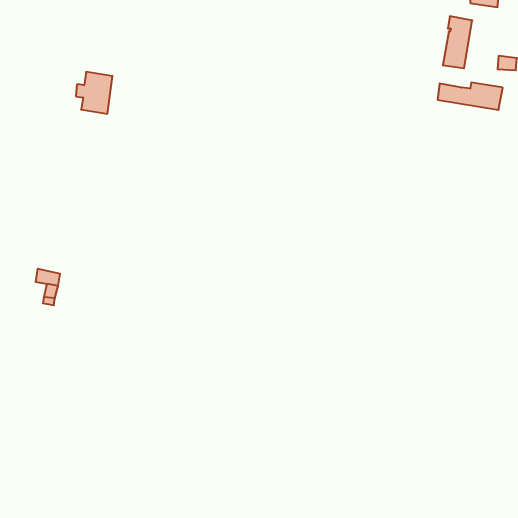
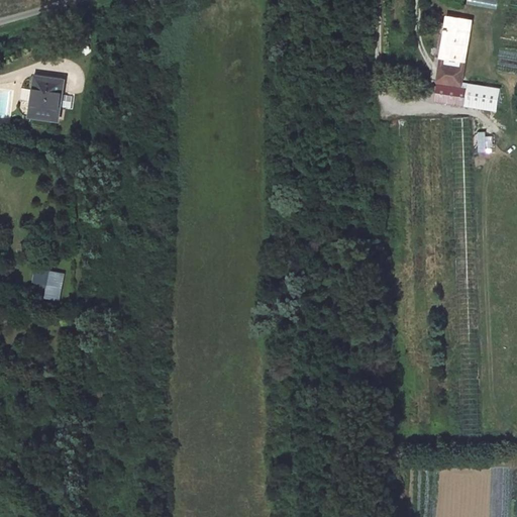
building: none -> [436,65,460,87]
building: [76,72,113,114] -> [25,76,62,117]

